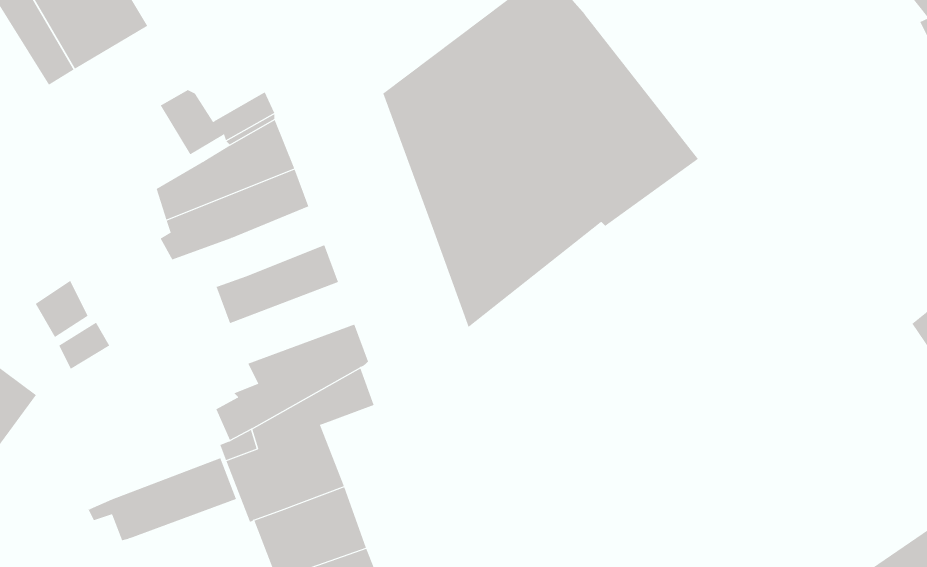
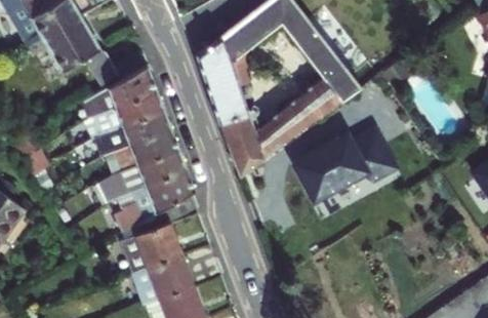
building: none -> [42,18,100,75]
building: none -> [96,112,171,157]
building: none -> [293,130,396,201]
building: [88,457,237,541] -> [110,151,187,194]

